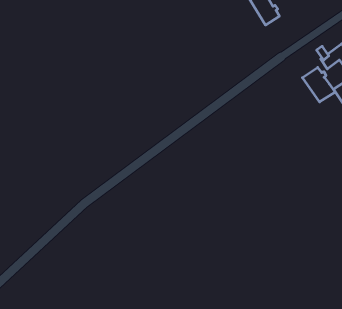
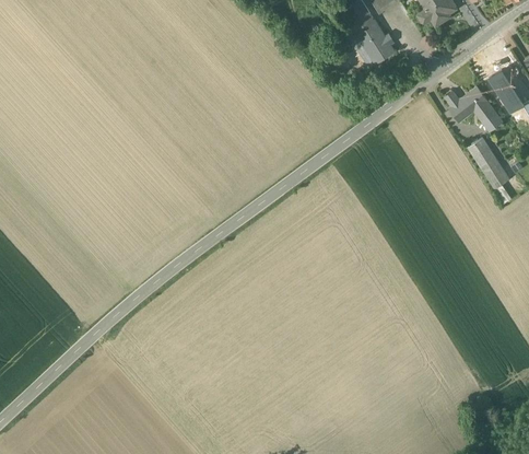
building: [302,67,335,102] -> none

